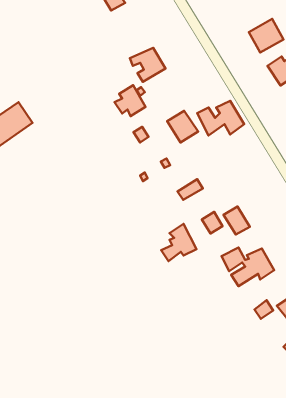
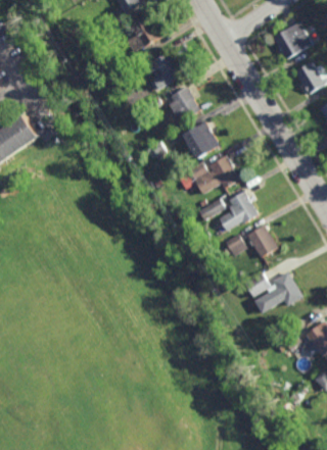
building: none -> [125,17,157,55]
building: [115,85,145,116] -> [167,86,200,119]
building: [197,101,244,136] -> [189,156,240,194]
building: [161,224,197,261] -> [219,189,258,230]

